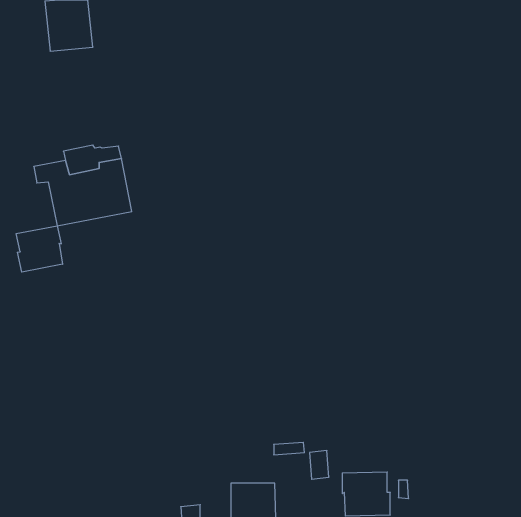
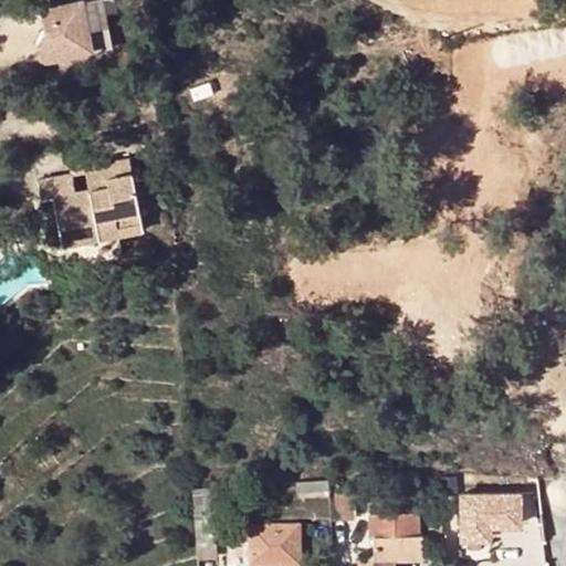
building: [16,226,63,272] -> none
building: none -> [464,493,535,545]

